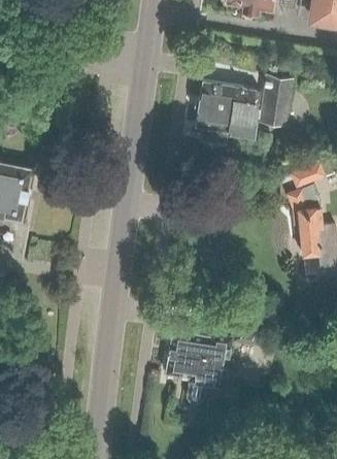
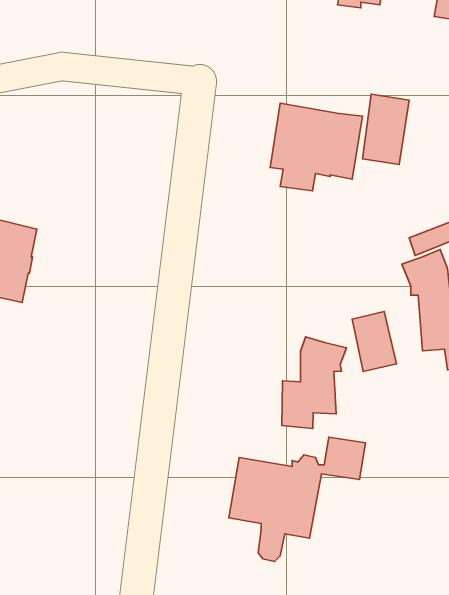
building: none -> [352,311,397,372]
building: none -> [282,337,347,429]

